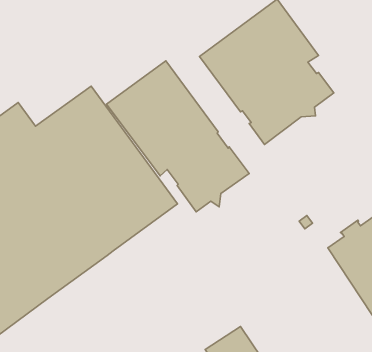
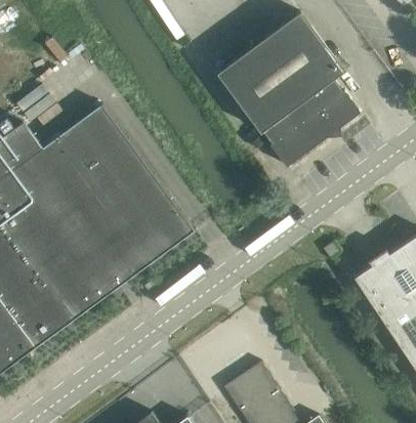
building: [107,61,249,212] -> none

